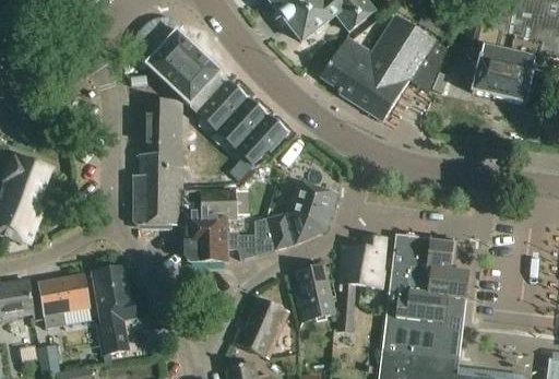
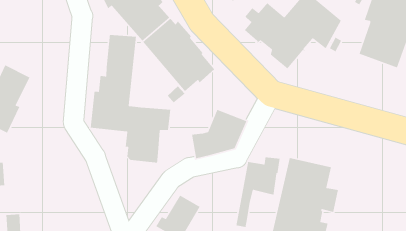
building: [237,218,275,260] -> none
building: [296,265,335,321] -> none
building: [93,267,135,352] -> none
building: [37,274,91,330] -> none

